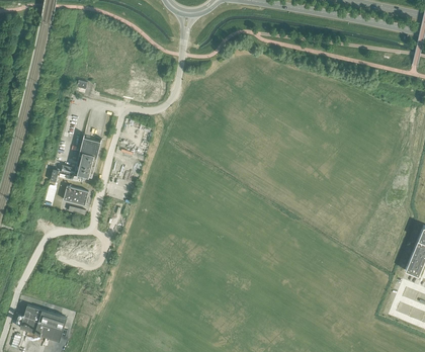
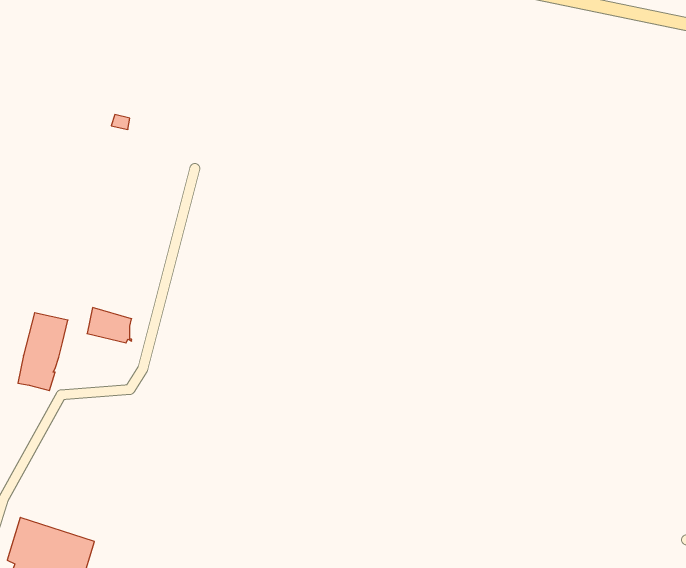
building: [75,137,102,179] -> [18,313,68,391]

